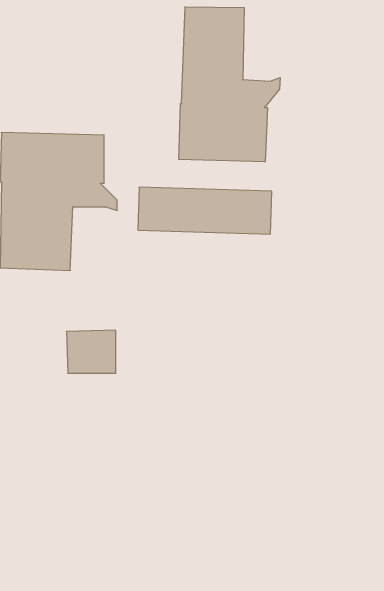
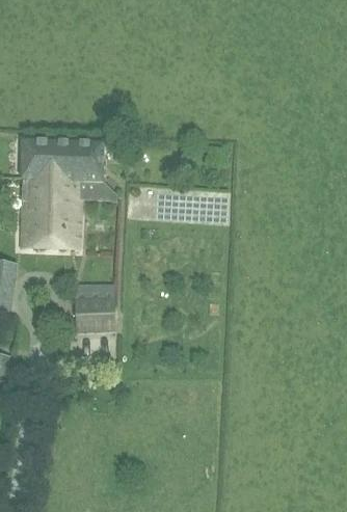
building: [179,7,280,162] -> none

